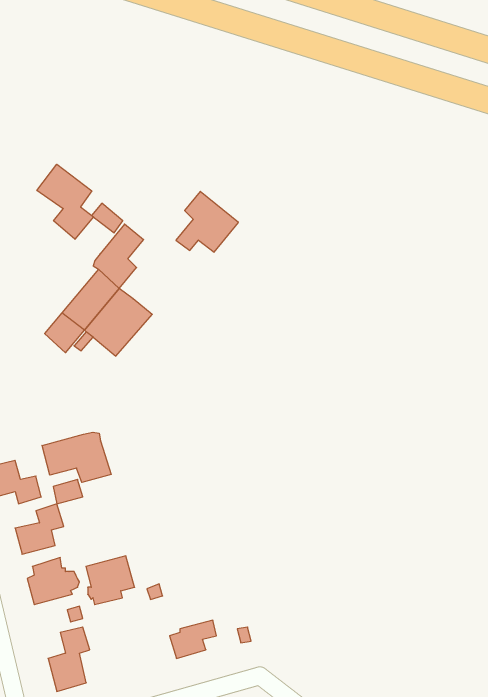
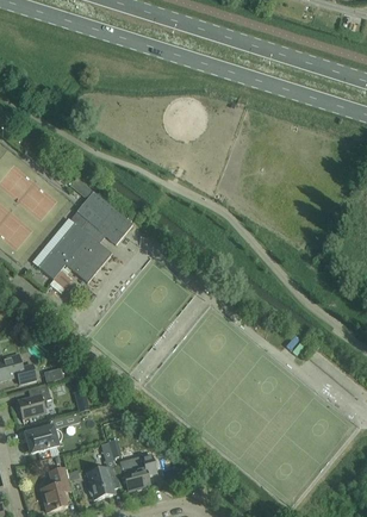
building: [37,164,93,239] -> none
building: [176,191,238,252] -> [88,201,131,243]
building: [42,432,111,482] -> none
building: [86,556,135,605] -> [86,465,119,498]

